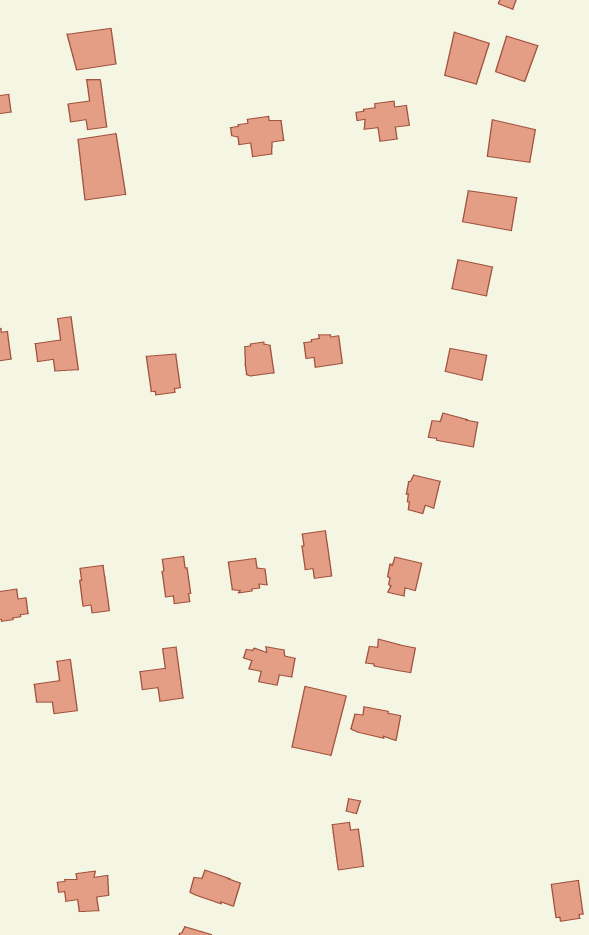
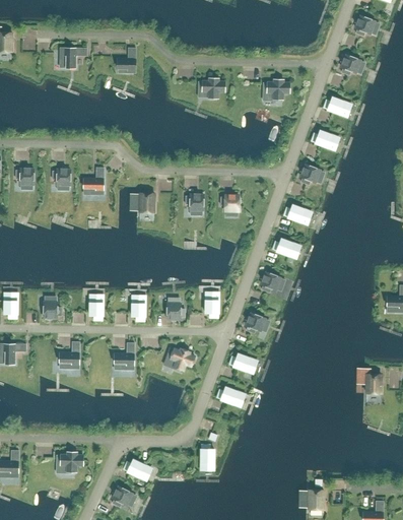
building: [67,28,116,70] -> none
building: [445,32,489,84] -> none
building: [78,133,125,200] -> none
building: [292,686,346,756] -> none

